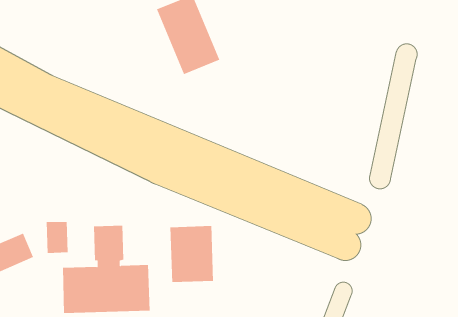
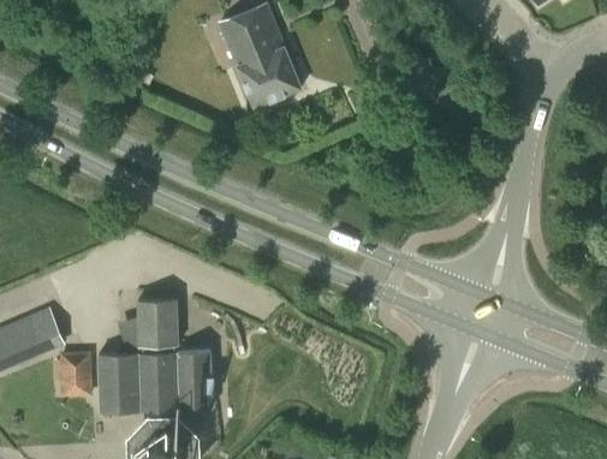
building: [46,222,68,254] -> [60,357,89,398]
building: [170,225,214,283] -> none

